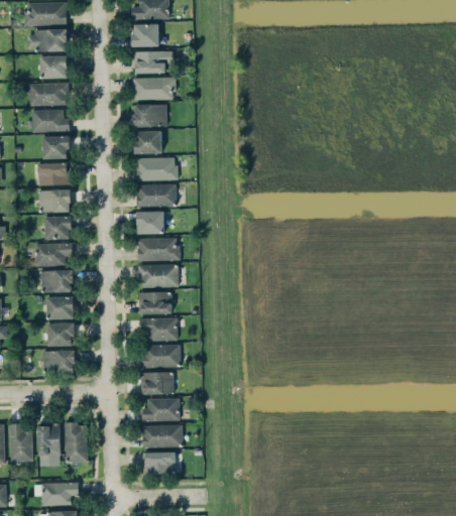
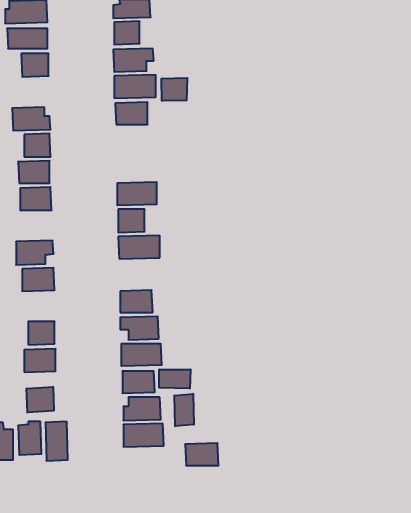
building: none -> [161,78,187,101]
building: [28,82,68,106] -> none
building: [135,131,161,153] -> none
building: [135,157,177,180] -> none
building: [44,216,72,239] -> none
building: [139,264,178,287] -> none
building: [47,295,74,318] -> none
building: none -> [159,369,191,389]
building: none -> [27,387,54,413]
building: none -> [174,394,194,426]
building: [142,452,176,474] -> [185,443,219,465]
building: [34,482,79,505] -> none

